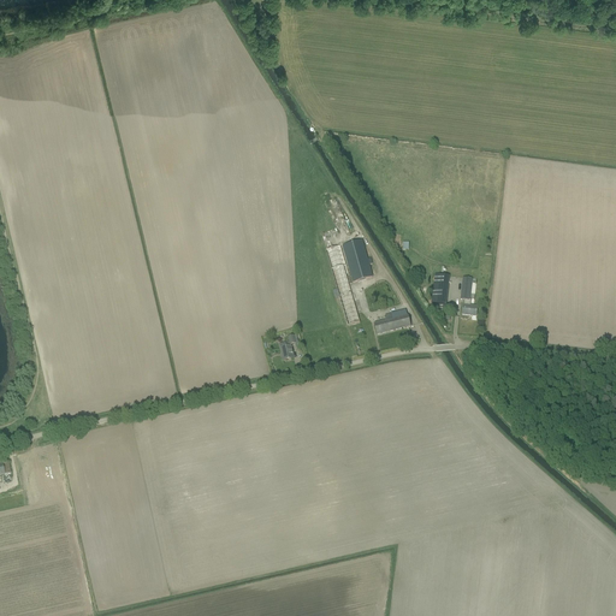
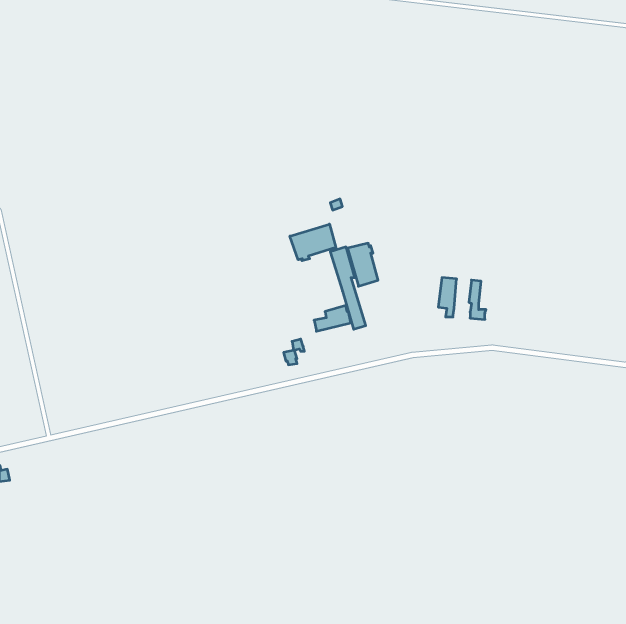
building: none -> [290,224,336,261]
building: [373,307,409,332] -> [314,305,351,331]

